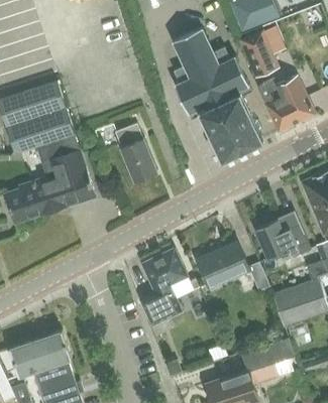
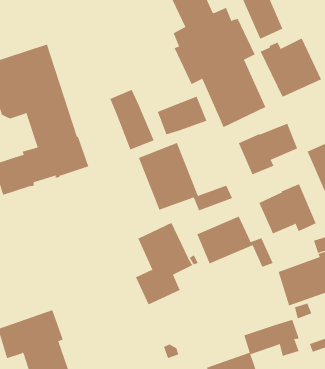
building: none -> [157,96,207,135]
building: none -> [238,123,298,175]
building: none -> [138,142,233,211]

